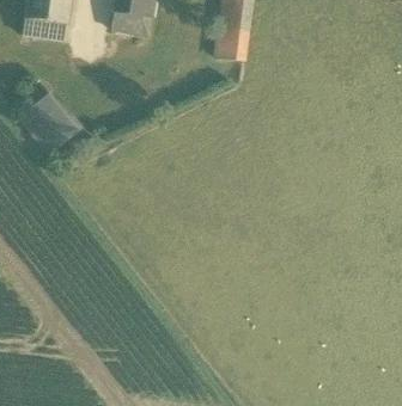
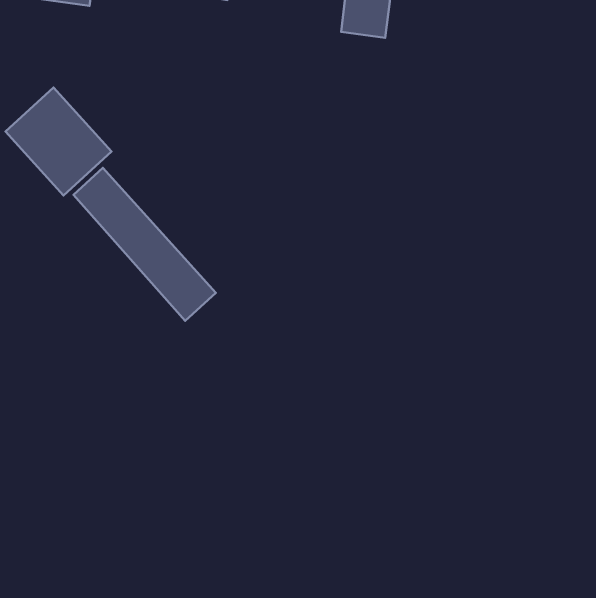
building: none -> [73,168,216,321]

